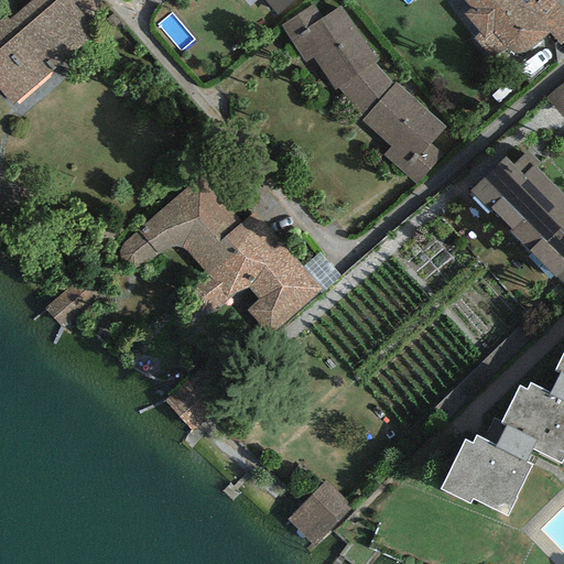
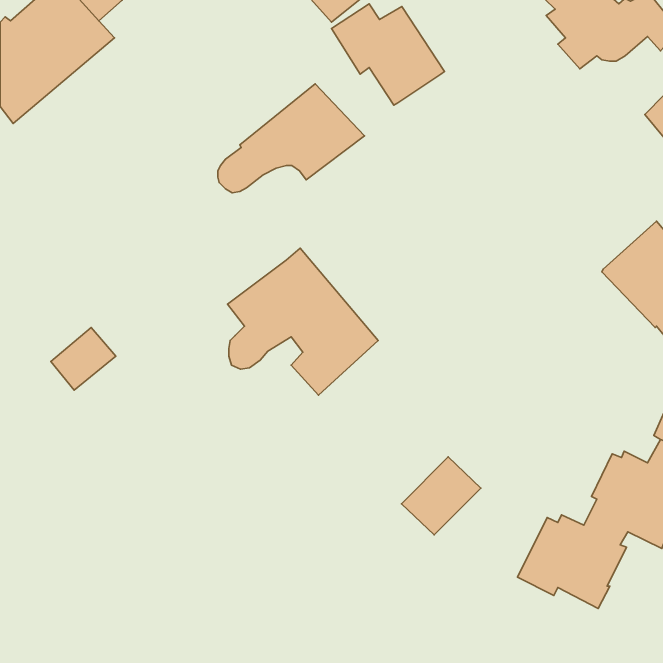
building: [338,63,446,183] -> none
building: [470,151,557,228] -> none
building: [119,176,243,269] -> [218,84,365,193]
building: [286,479,354,545] -> [402,457,481,535]

